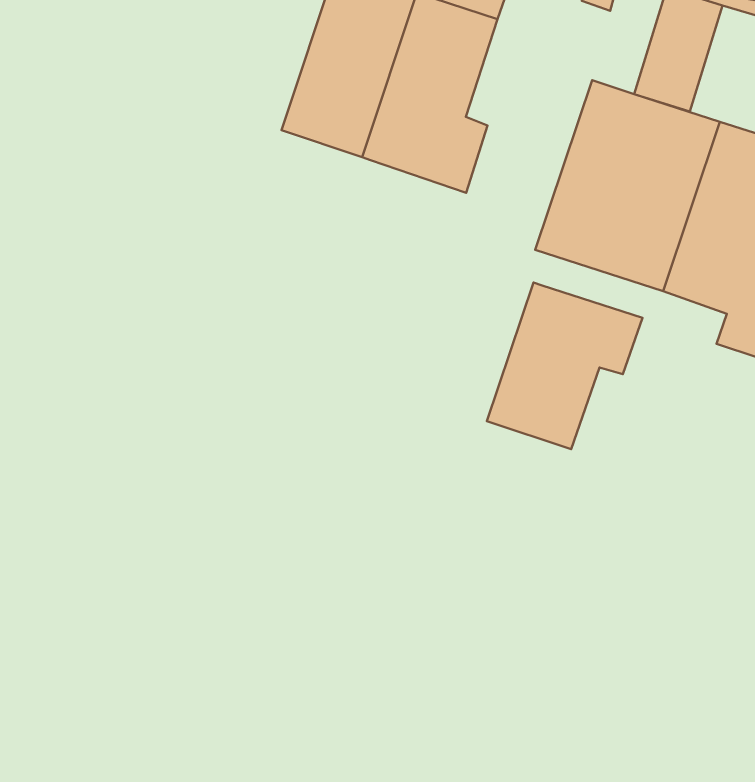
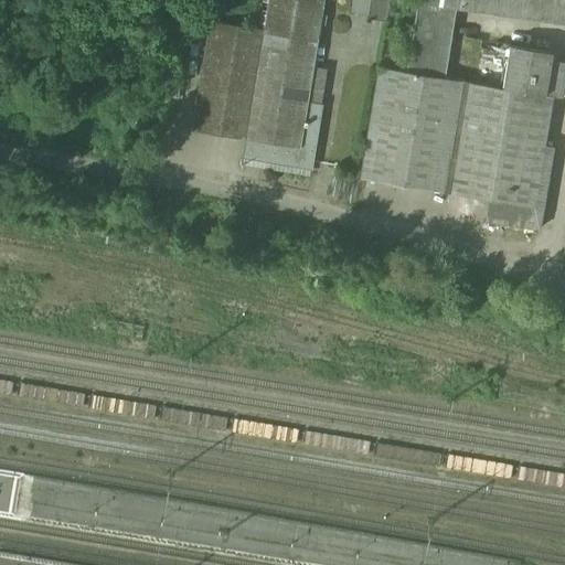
building: none -> [248,139,315,169]
building: [487,283,643,449] -> none

